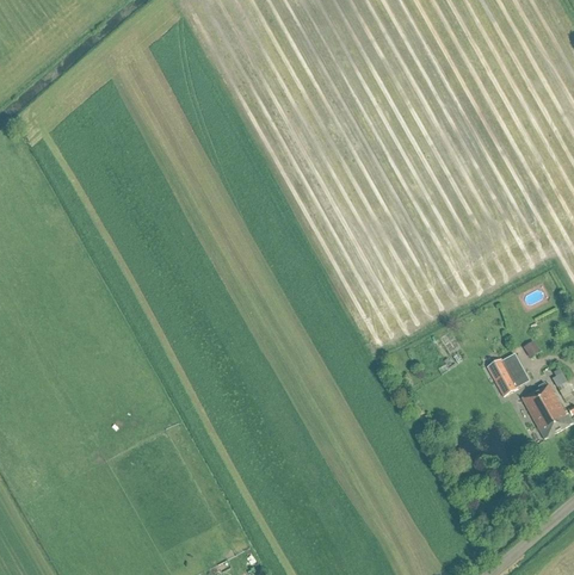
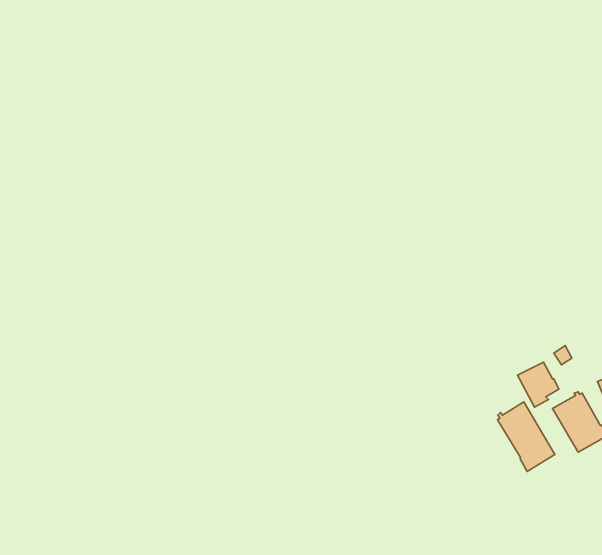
building: none -> [497,402,555,471]

